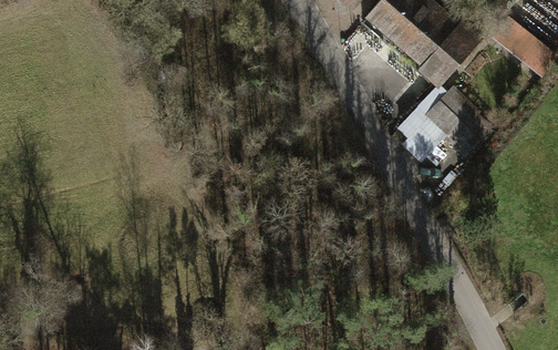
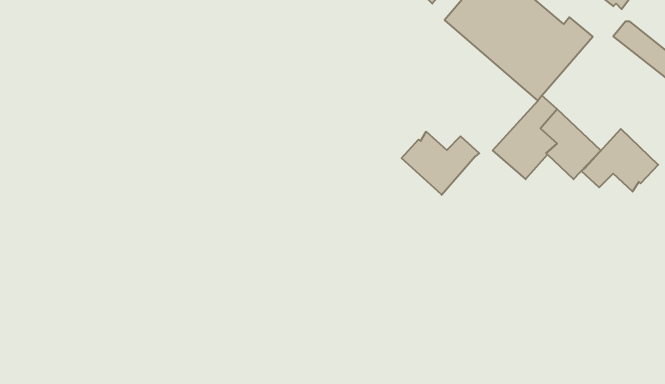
building: none -> [581,129,658,192]
building: none -> [402,132,479,195]

